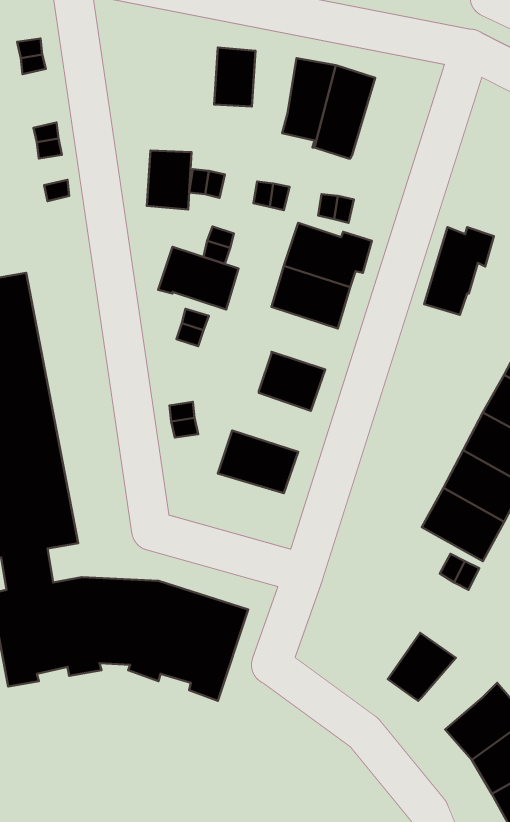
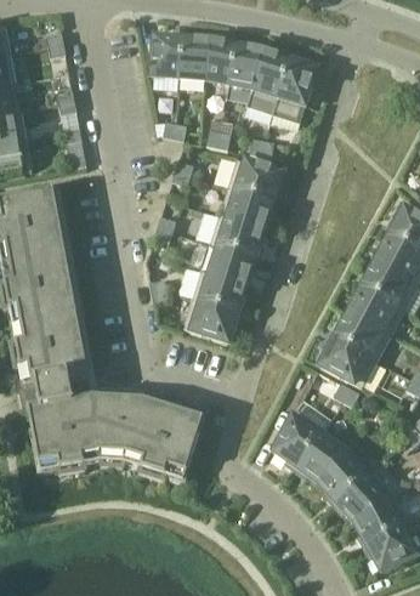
building: none -> [205,40,235,83]
building: [147,150,192,209] -> [152,36,182,76]
building: [424,227,494,315] -> [273,58,320,118]
building: [158,247,239,310] -> [209,214,263,256]
building: none -> [192,268,245,312]
building: none -> [274,407,325,466]
building: none -> [318,444,371,500]

